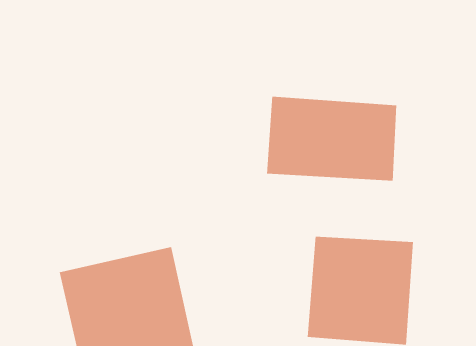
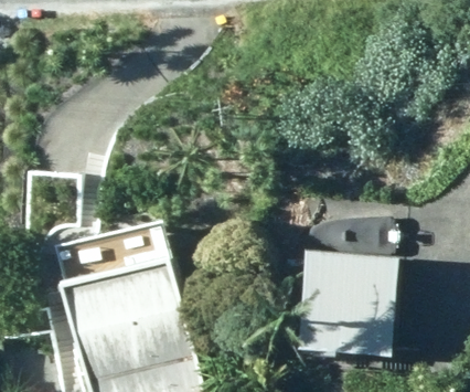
building: [267,96,397,182] -> none

